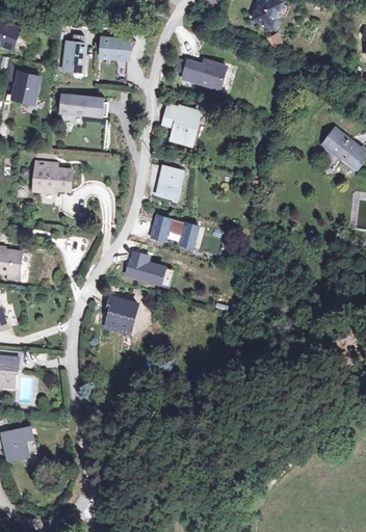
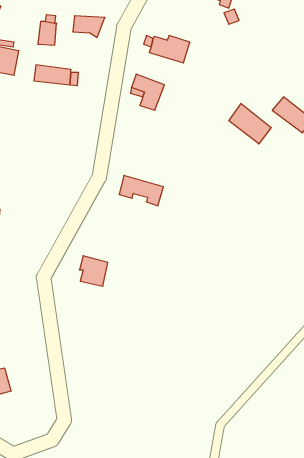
building: none -> [229,103,271,144]
building: [33,162,72,193] -> none
building: [157,164,179,200] -> none
building: [128,252,167,284] -> none

